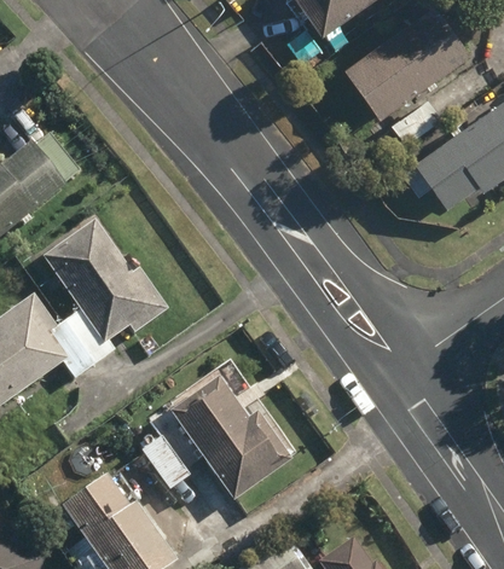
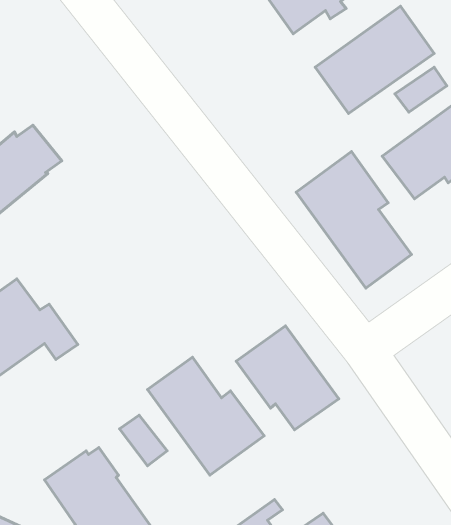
building: none -> [296,152,412,288]
building: [42,219,168,361] -> none
building: none -> [236,326,339,430]

